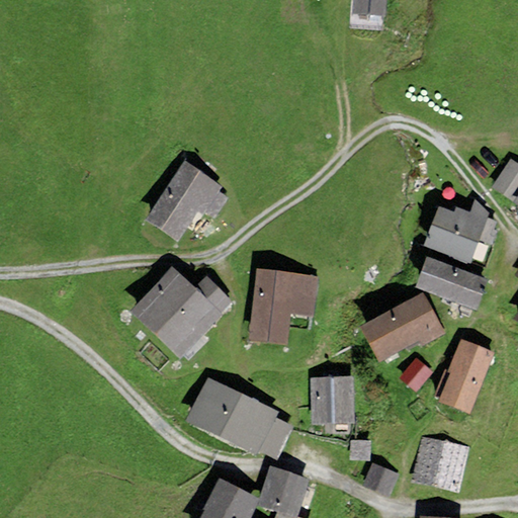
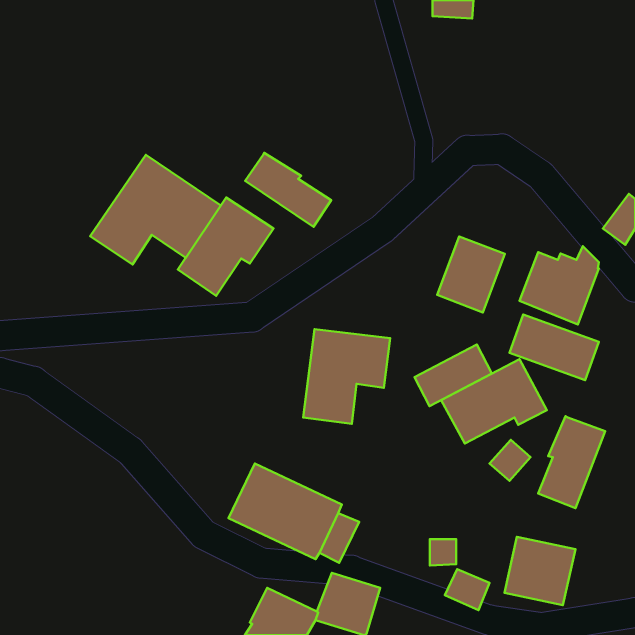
building: none -> [245,153,331,227]
building: none -> [90,155,221,265]
building: none -> [437,236,505,312]
building: [128,264,233,357] -> none
building: none -> [414,344,492,406]
building: [311,376,353,424] -> none

